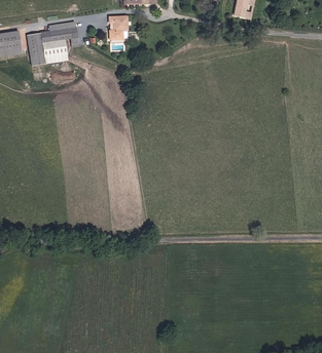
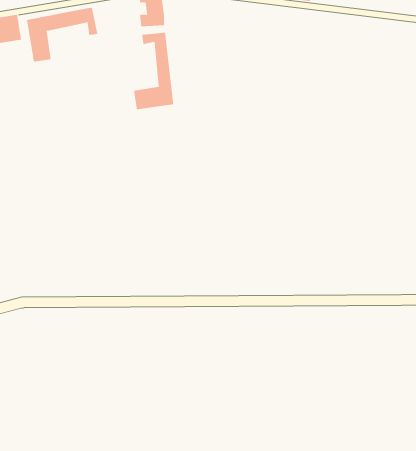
building: none -> [134,32,174,110]

